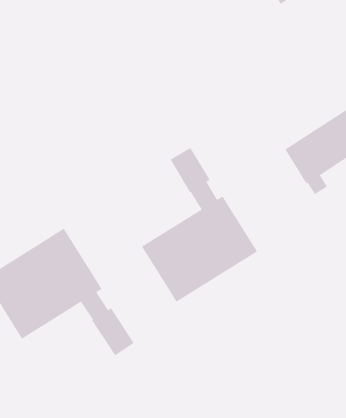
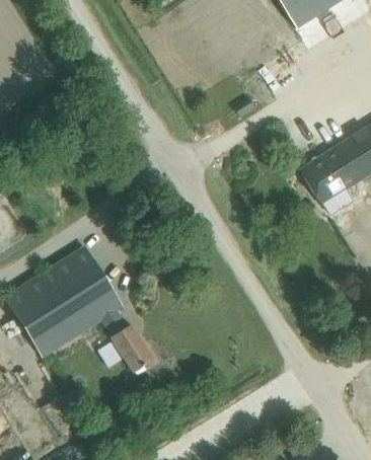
building: [141,147,258,302] -> none

